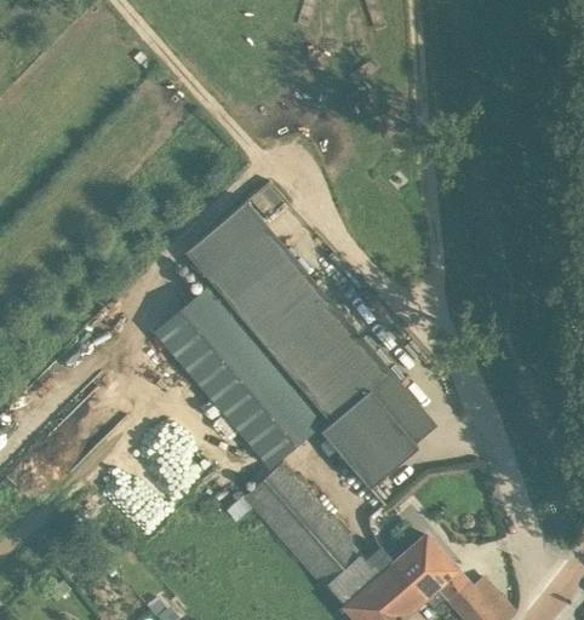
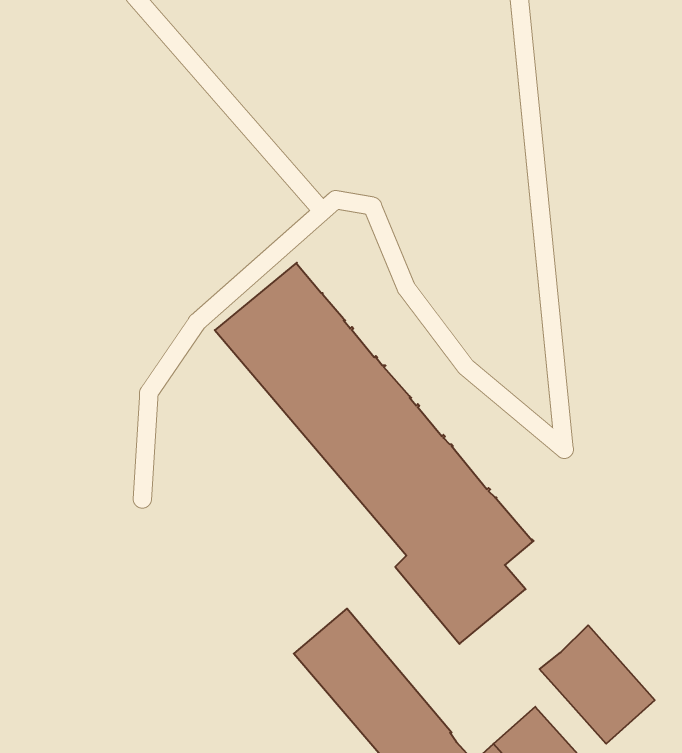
building: [155,289,322,469] -> none
building: none -> [540,625,655,744]

